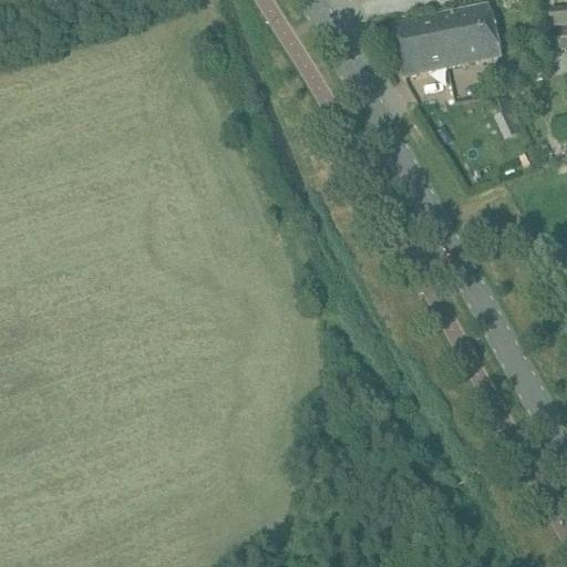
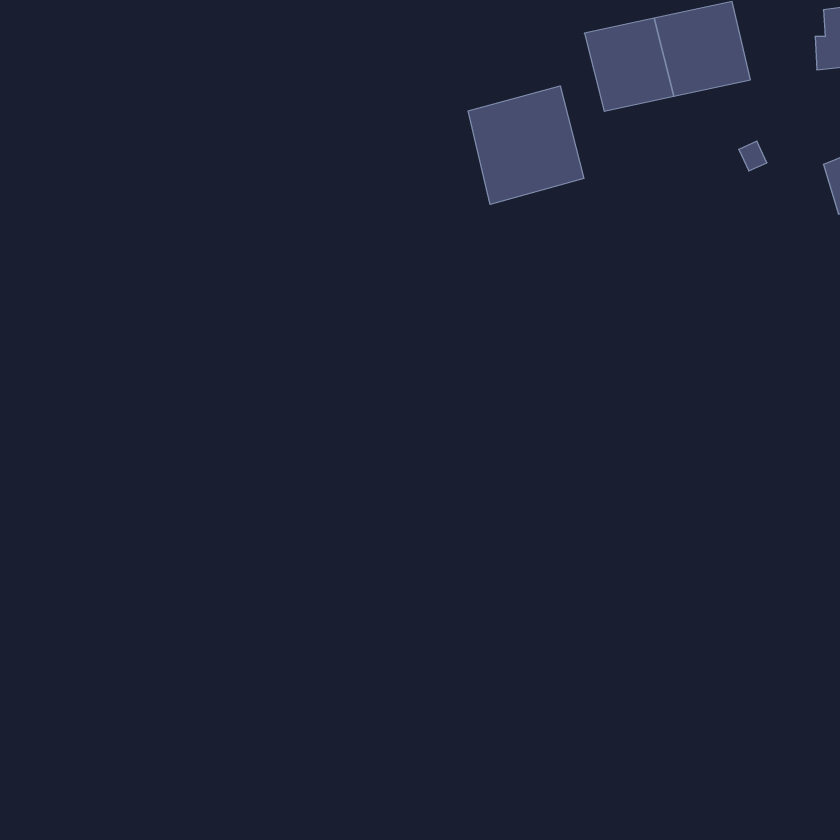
building: none -> [468,86,584,204]

